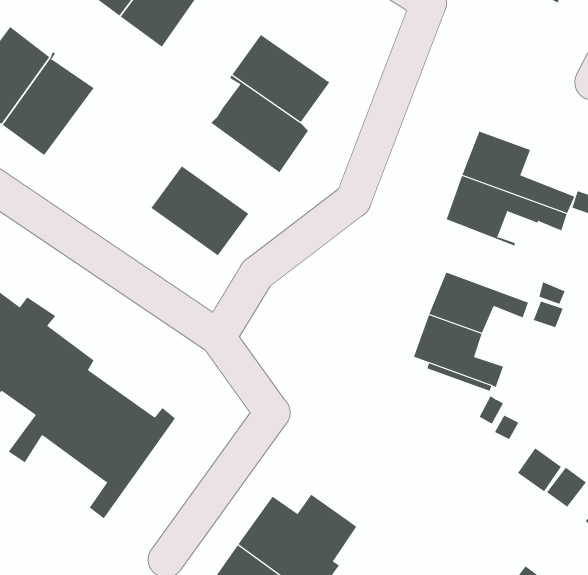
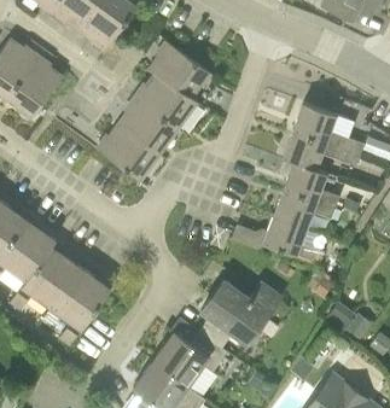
building: none -> [118,95,180,155]
building: none -> [284,162,340,210]
building: none -> [199,279,280,346]

